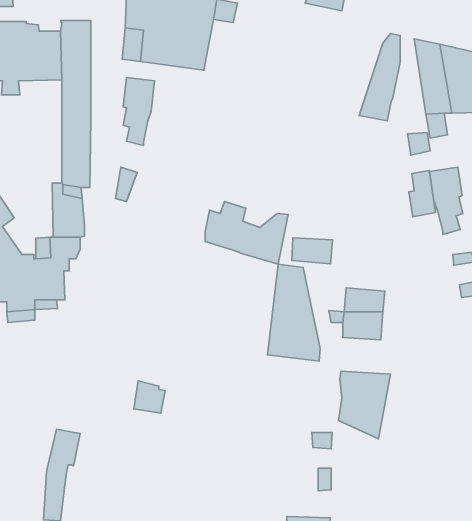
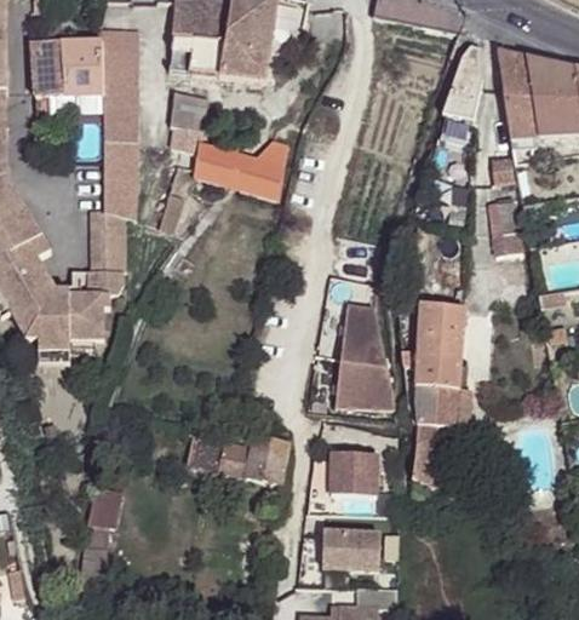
building: [429,167,463,234] -> none
building: [205,202,288,264] -> [194,130,287,200]
building: [292,238,333,264] -> [422,302,468,331]
building: none -> [415,383,474,424]
building: none -> [213,432,286,480]
building: none -> [334,452,380,494]
building: none -> [328,530,385,568]

